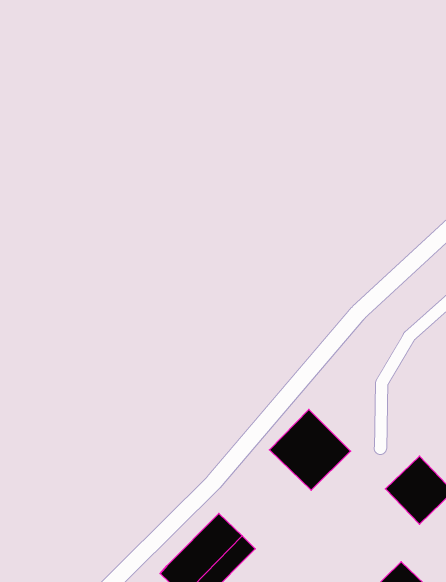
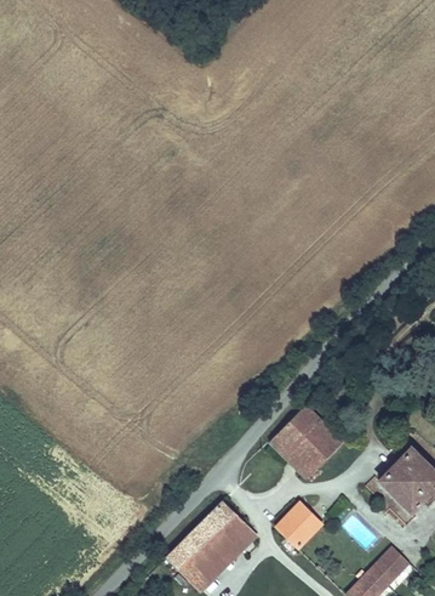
building: none -> [274,501,320,547]

